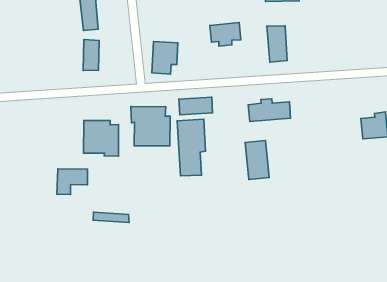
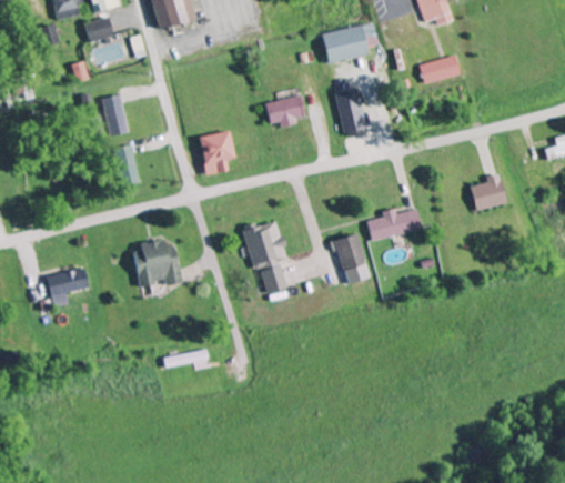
building: none -> [420,56,460,84]
building: [179,97,213,115] -> none
building: [248,99,290,121] -> [366,209,421,241]
building: [131,107,170,146] -> none
building: [57,169,88,195] -> [47,270,87,306]

